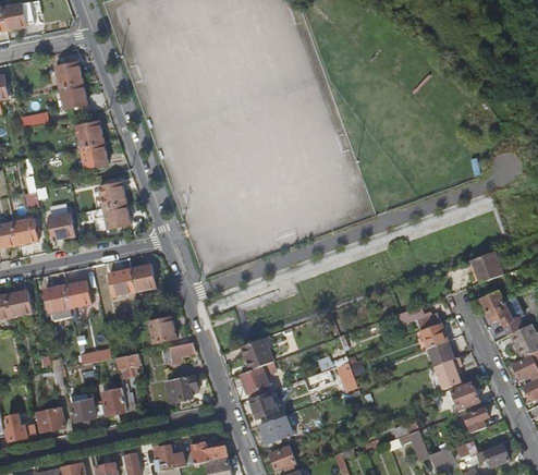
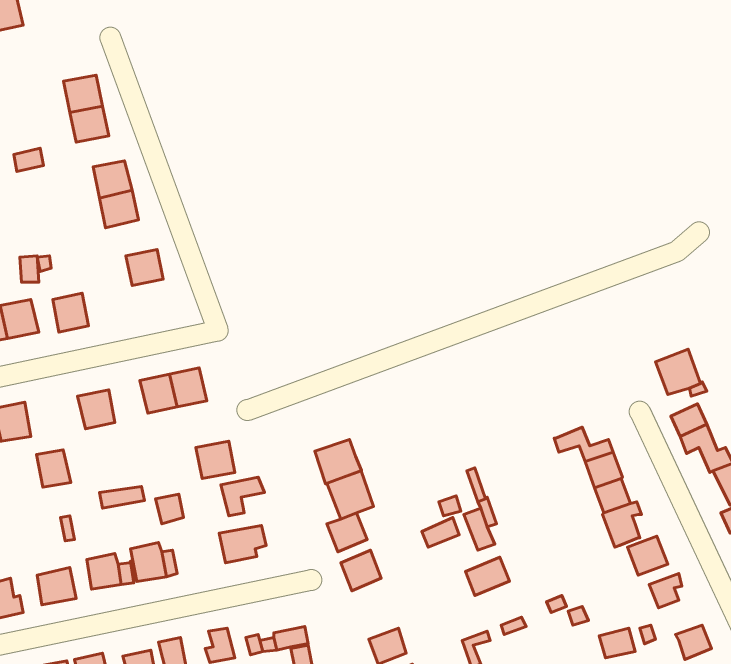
building: [103,203,130,228] -> none
building: [47,284,71,310] -> [37,450,71,487]
building: none -> [315,439,362,484]
building: none -> [465,557,509,595]
building: [258,415,289,444] -> none

